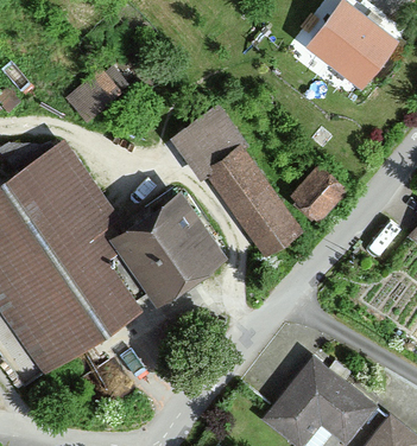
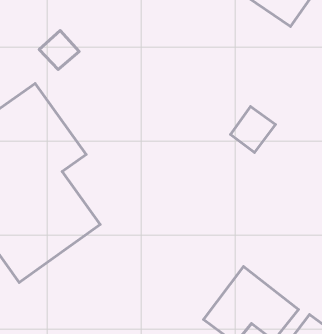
building: [172,109,299,260] -> none
building: [114,192,229,307] -> none

